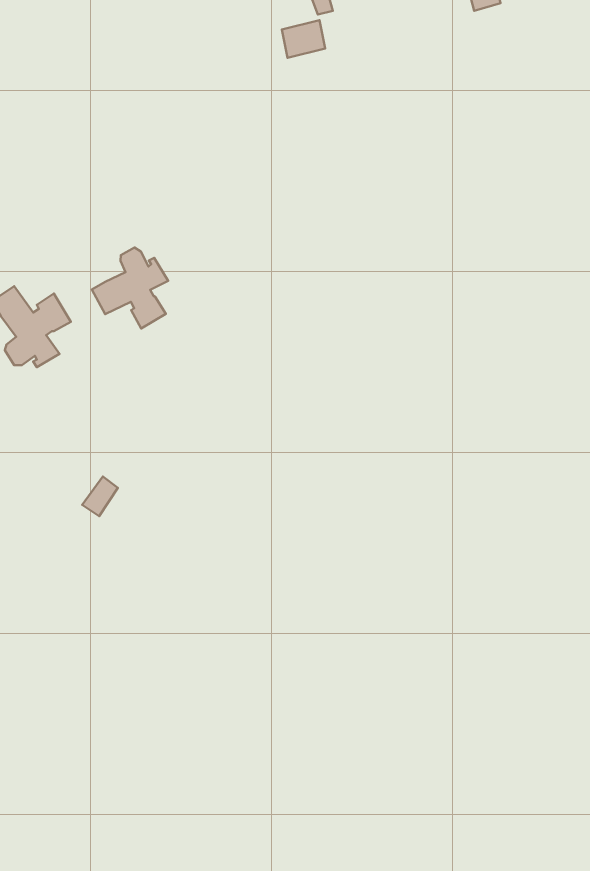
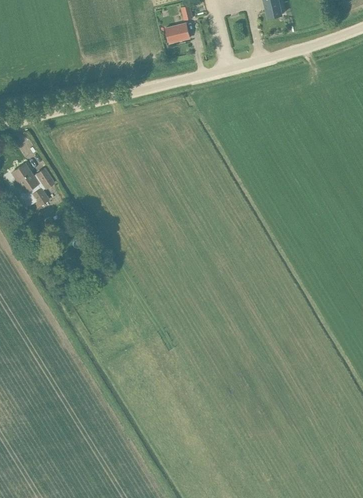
building: [92,248,168,329] -> none

